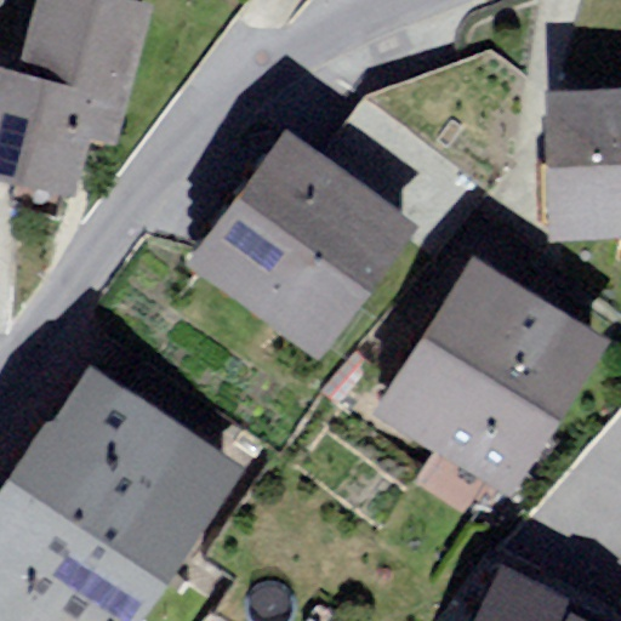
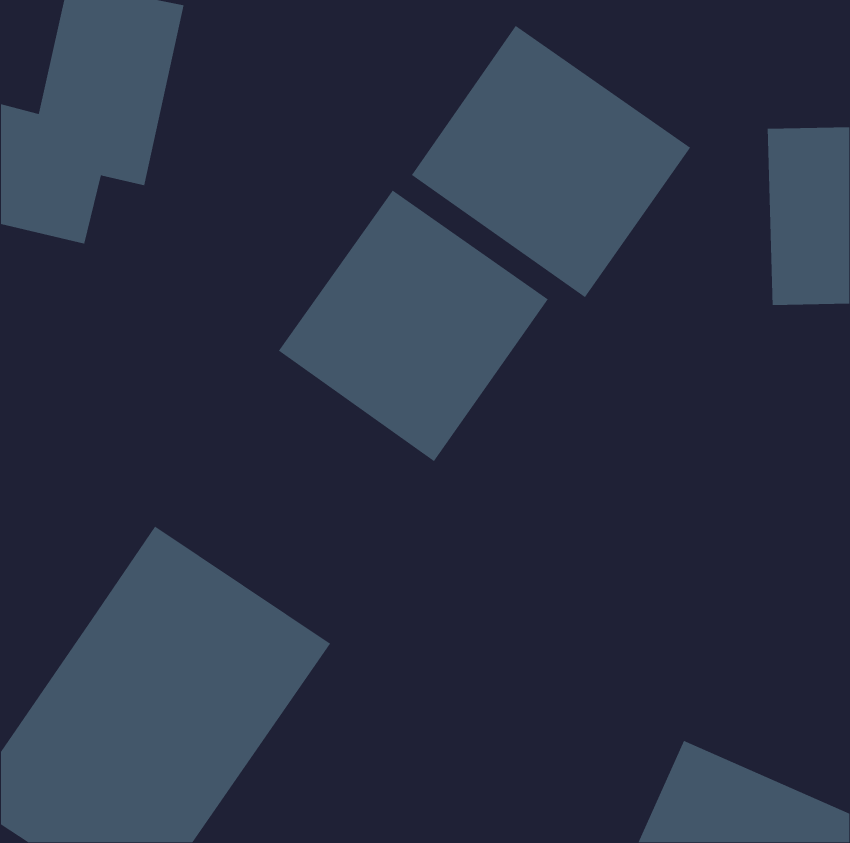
building: none -> [411,25,691,298]
building: [387,267,593,483] -> none

